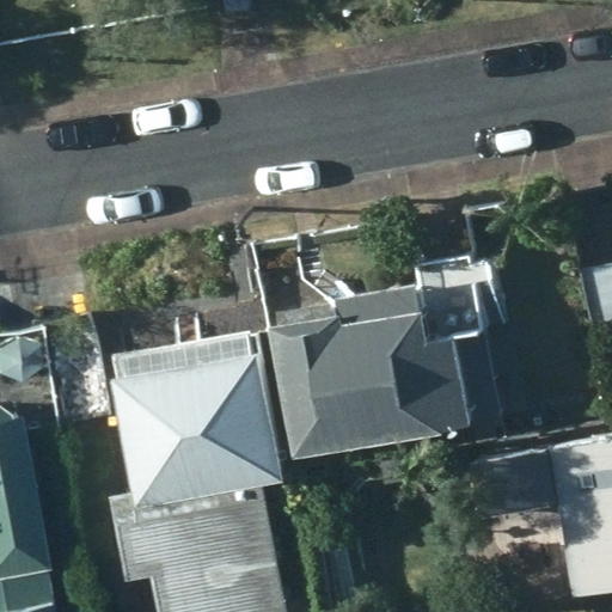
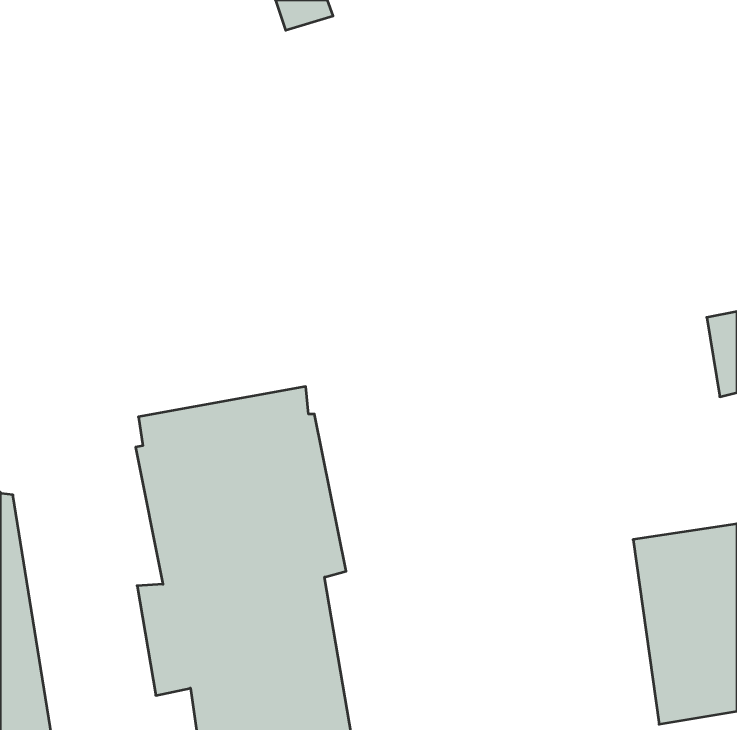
building: [273,280,475,458] -> none

